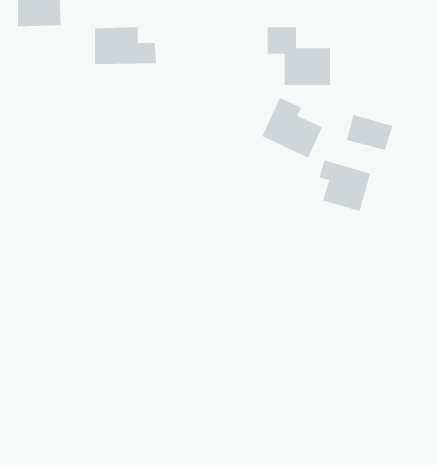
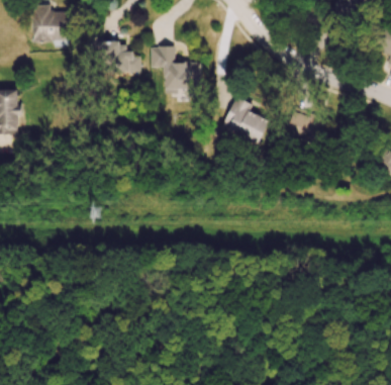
building: [267,27,331,86] -> [151,46,200,92]
building: [319,160,371,212] -> none

